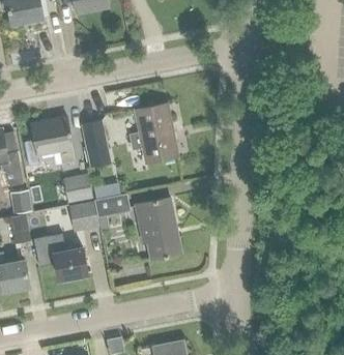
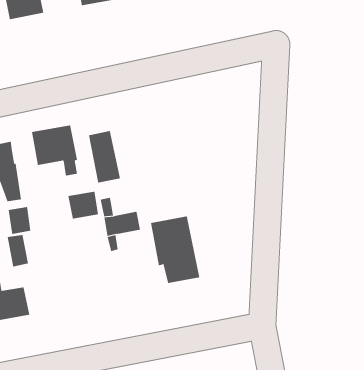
building: [130,103,177,162] -> none
building: [69,202,98,231] -> none
building: [34,234,87,280] -> none

